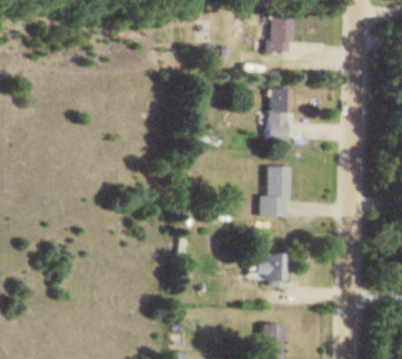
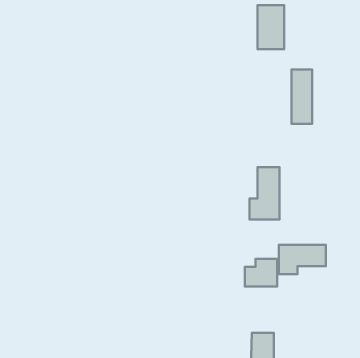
building: [270,89,290,141] -> [291,69,312,124]
building: none -> [279,245,326,274]

